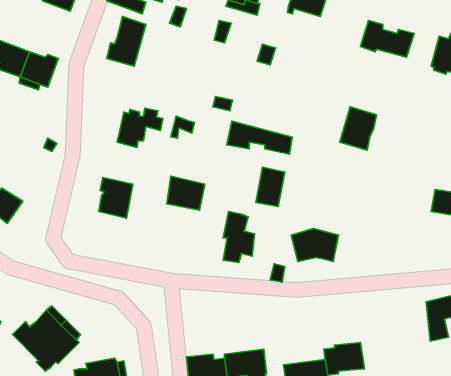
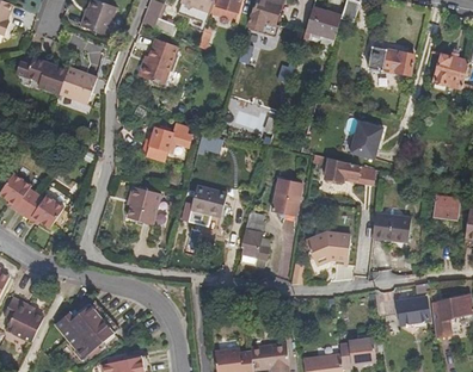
building: [227,121,292,154] -> [322,156,382,186]
building: none -> [374,213,413,243]
building: none -> [398,296,430,322]

